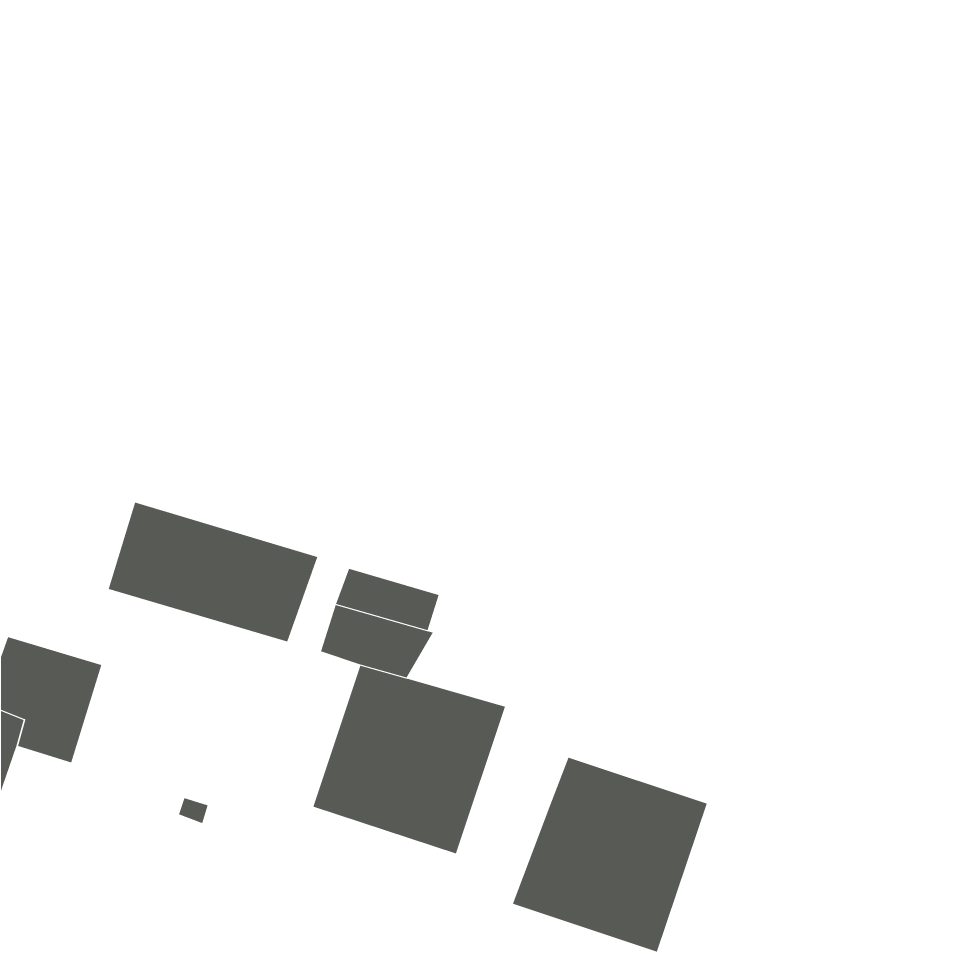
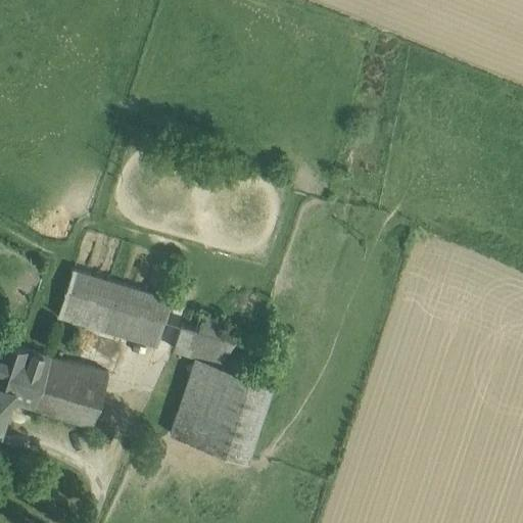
building: none -> [39,360,106,429]
building: [512,757,707,952] -> none

